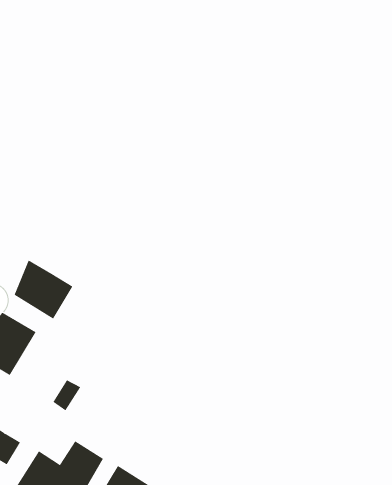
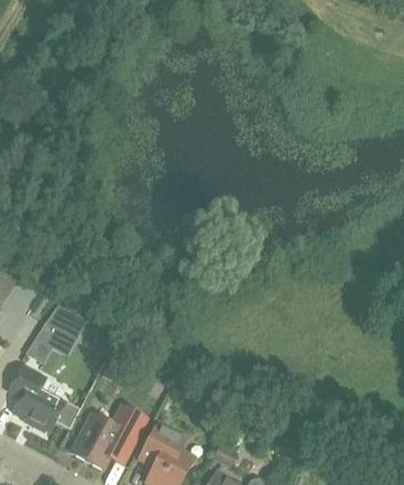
building: [14,259,73,319] -> none

